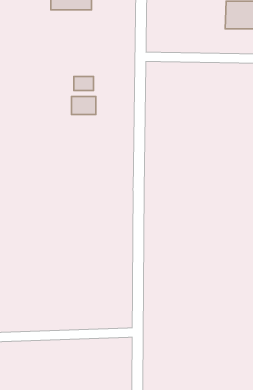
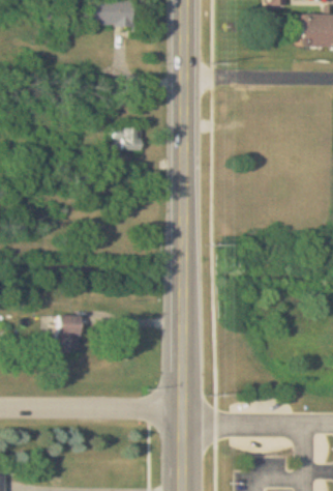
building: [74,76,93,90] -> none
building: none -> [57,315,80,352]

